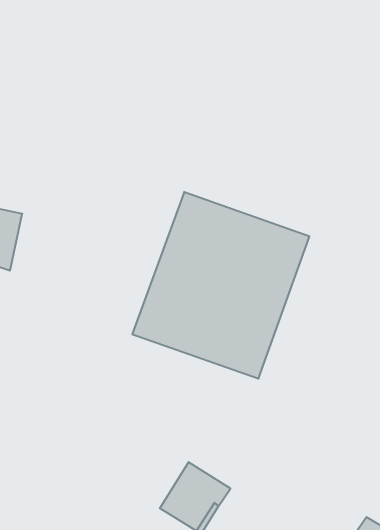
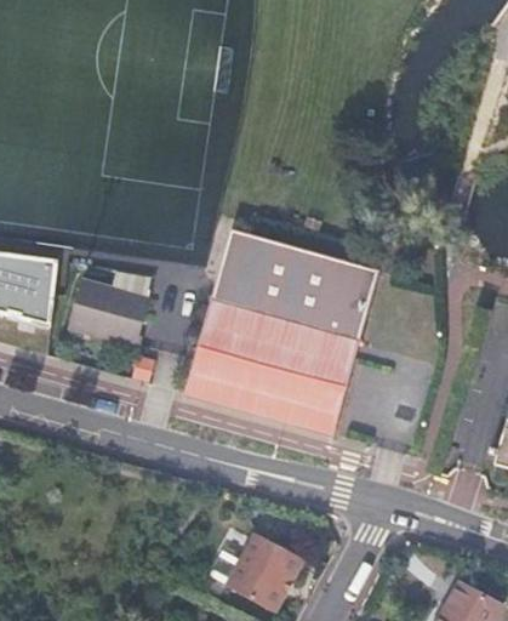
building: none -> [65,274,149,343]

